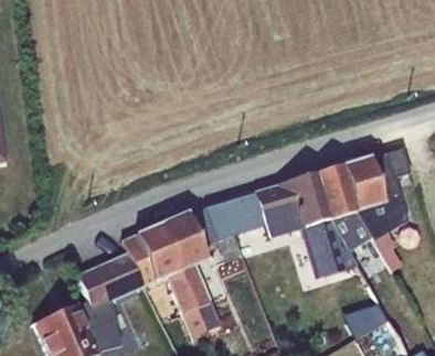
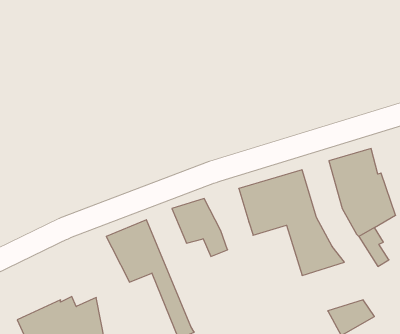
building: [317,164,371,249] -> none
building: [220,192,264,234] -> none
building: [162,212,221,328] -> none
building: [78,250,146,309] -> none

